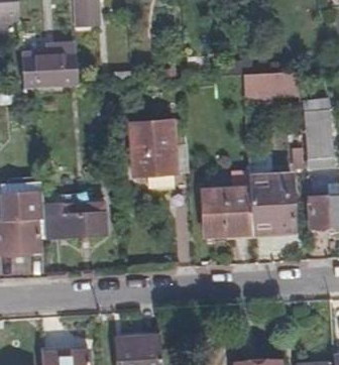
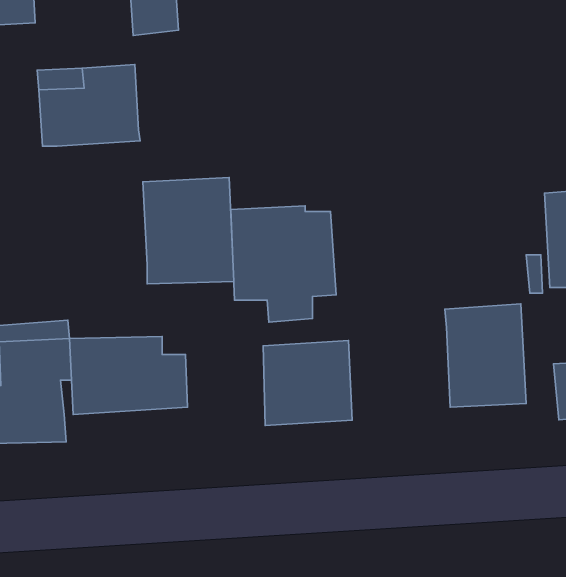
building: [241,72,299,101] -> none
building: none -> [143,177,234,284]
building: [202,190,251,237] -> [263,340,352,426]

